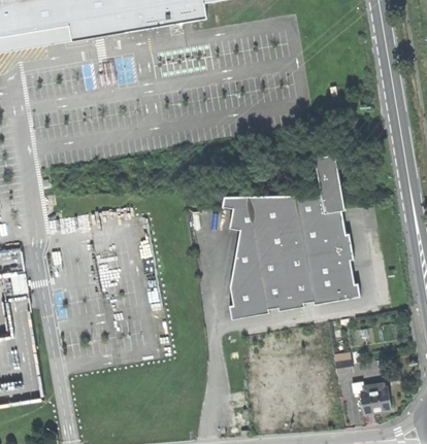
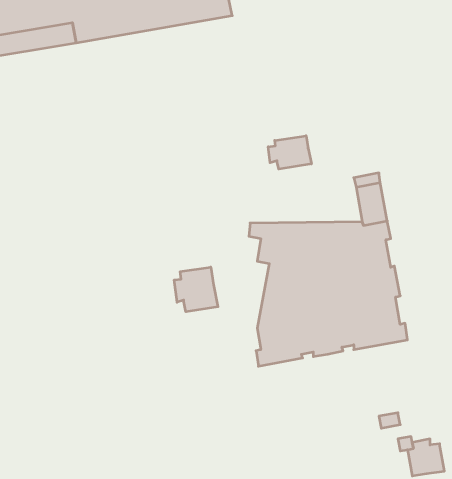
building: none -> [268,136,311,169]
building: none -> [174,267,218,312]

